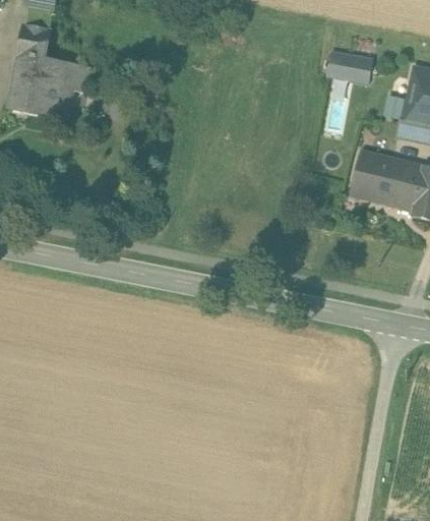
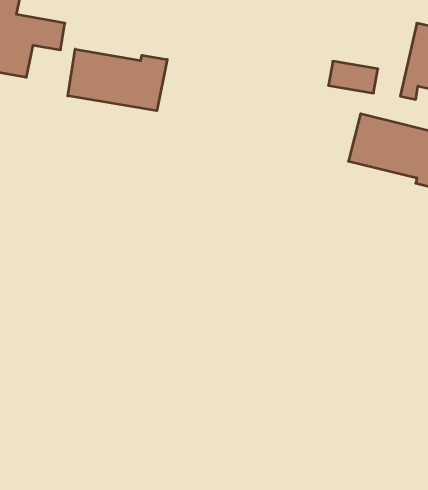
building: [326,52,372,81] -> [328,61,378,93]
building: none -> [68,49,167,111]

